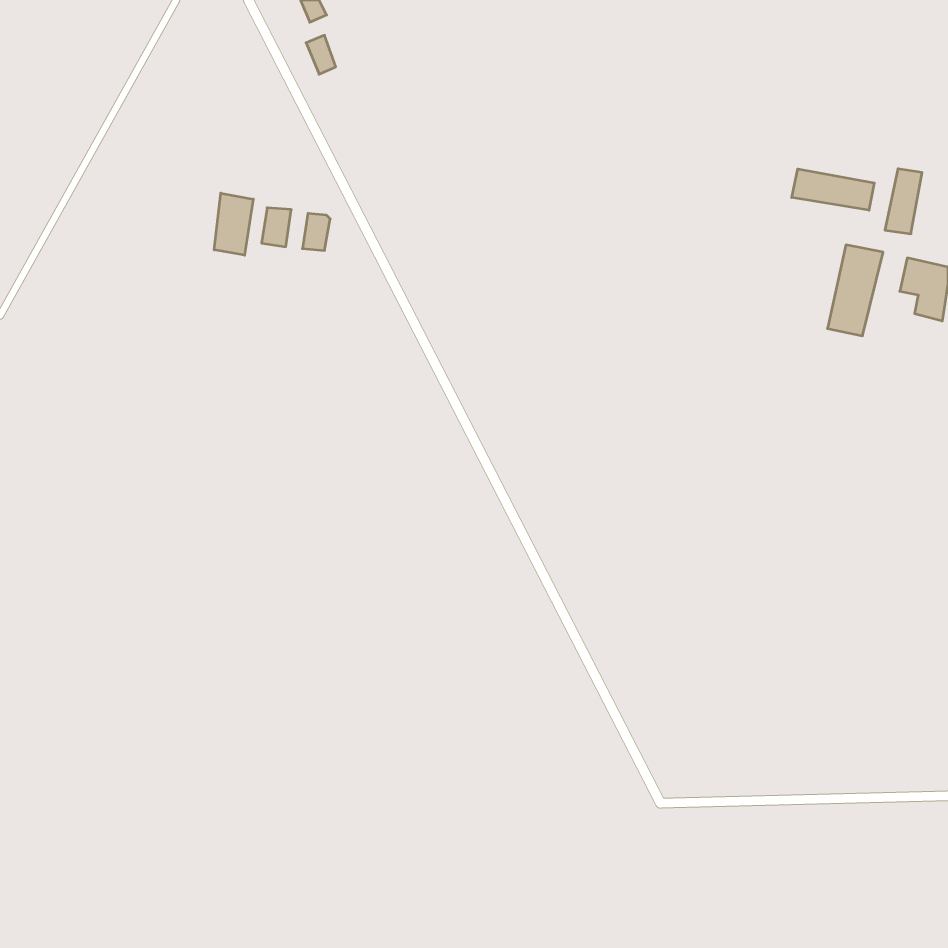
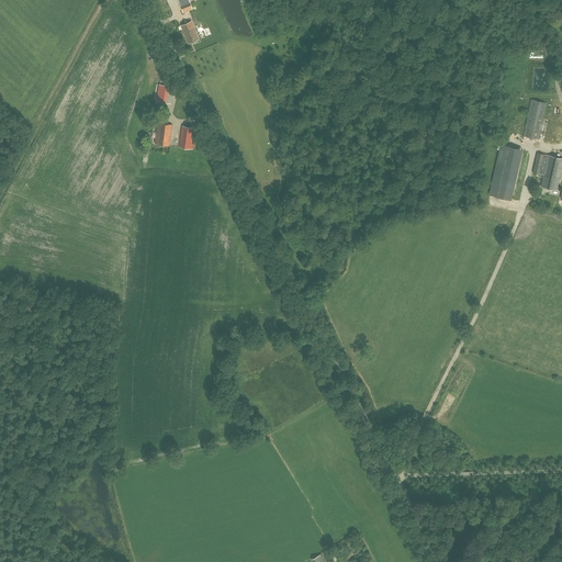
building: [792,169,874,210] -> none
building: [214,193,253,255] -> none

